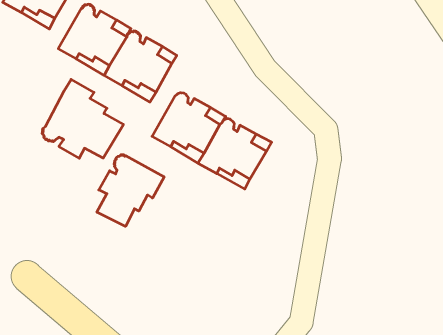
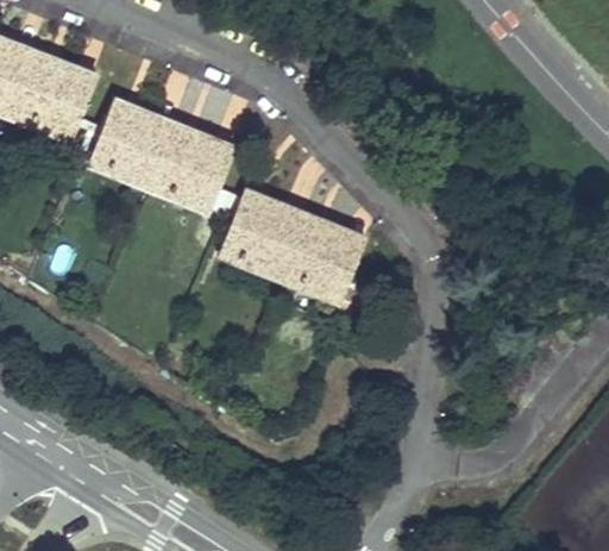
building: [42,79,123,158] -> none
building: [97,155,164,226] -> none

